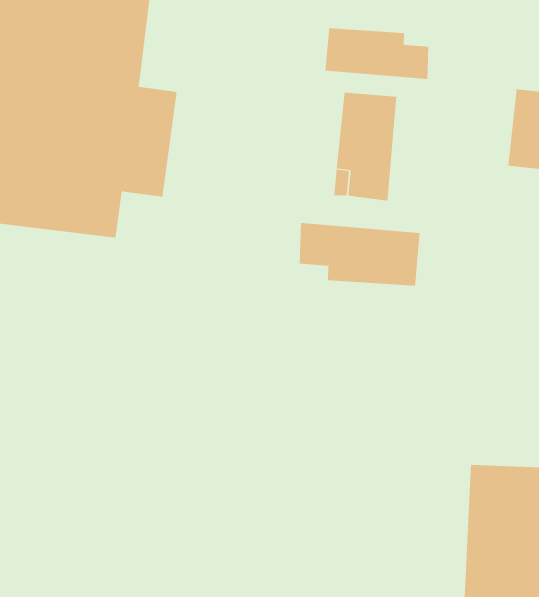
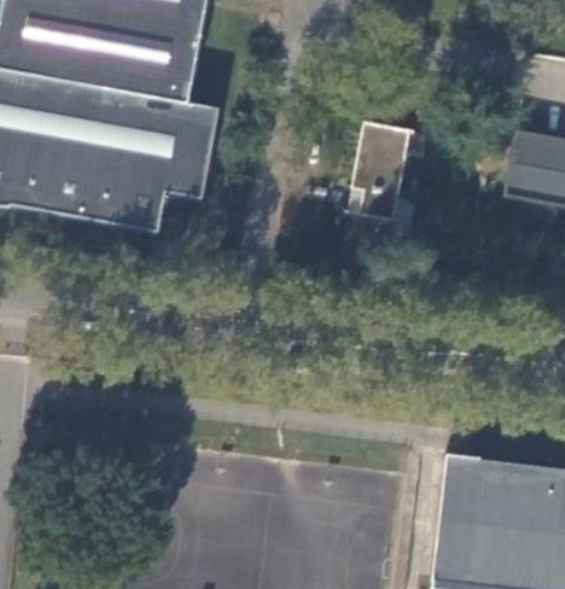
building: [325,27,429,80] -> none
building: [299,222,420,287] -> none

